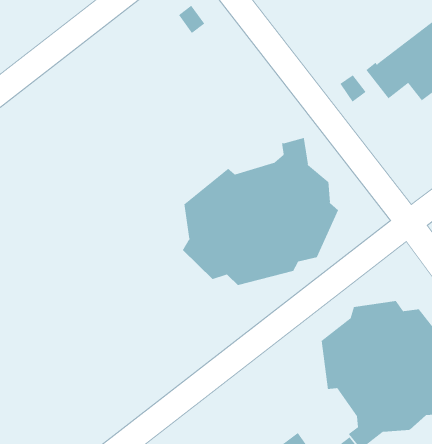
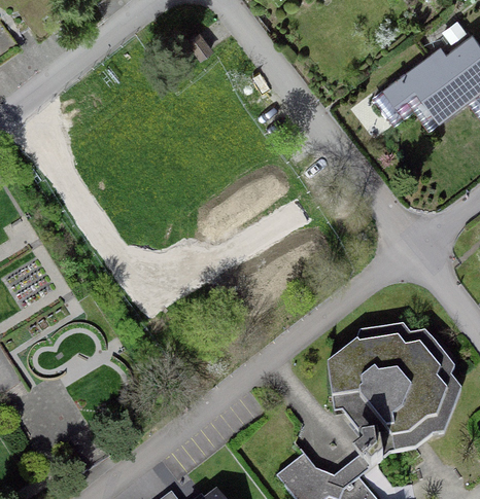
building: [182,137,339,286] -> none

